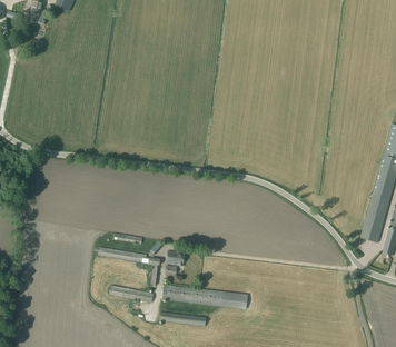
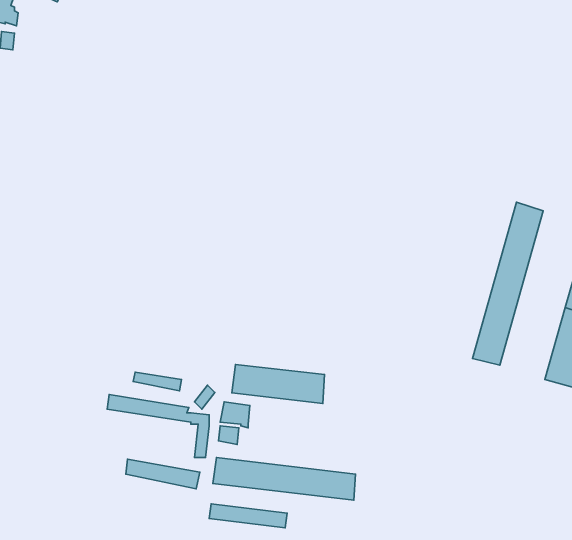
building: none -> [472,202,543,365]
building: none -> [232,365,324,403]

